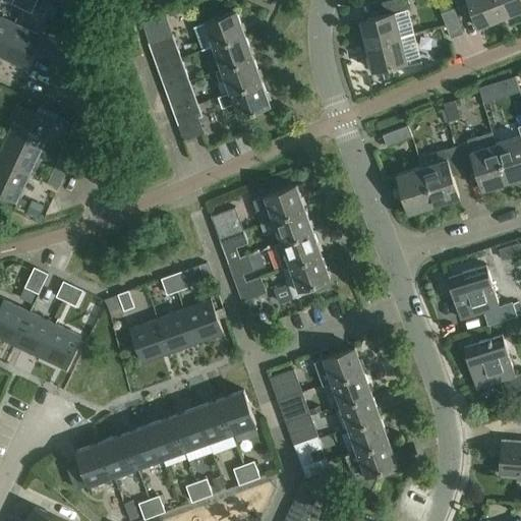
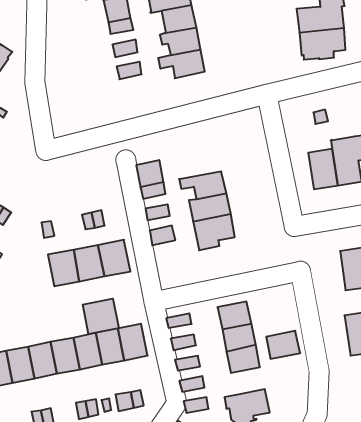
building: [252,186,304,226] -> none
building: none -> [83,299,119,334]
building: [348,417,388,452] -> [266,331,300,359]

